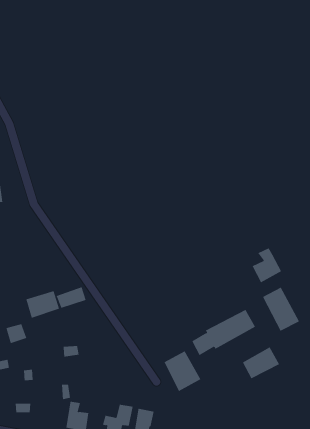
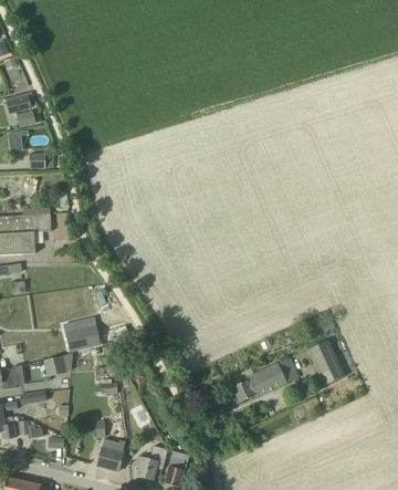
building: [252,247,282,283] -> none
building: [242,347,280,379] -> none
building: [164,350,201,392] -> none

